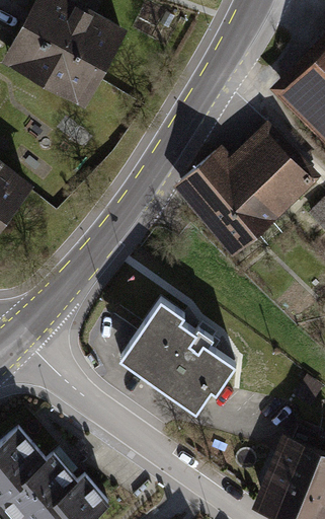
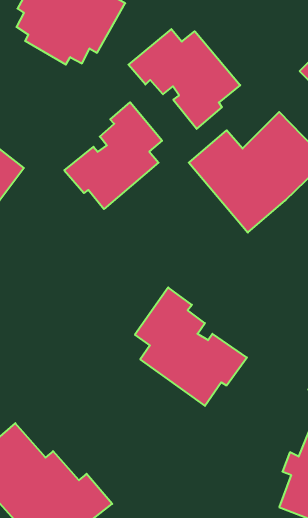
building: none -> [128,29,240,129]
building: none -> [64,102,162,209]

